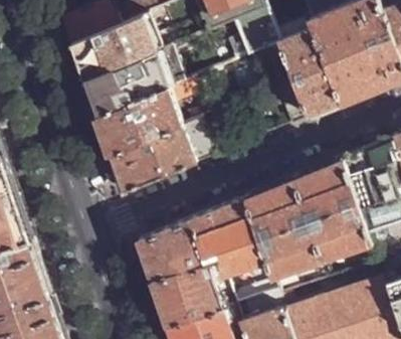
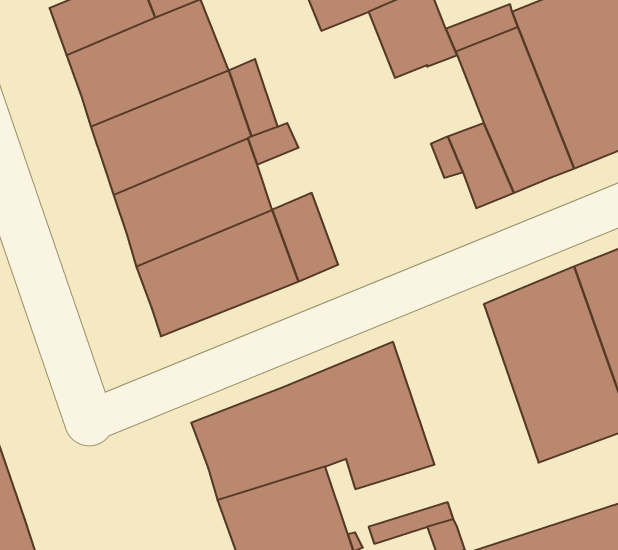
building: [244,177,322,279] -> none

